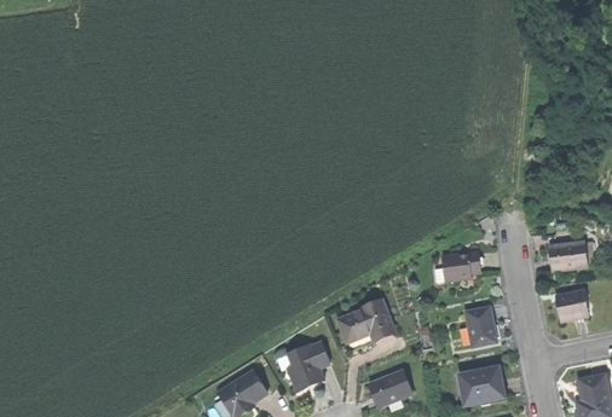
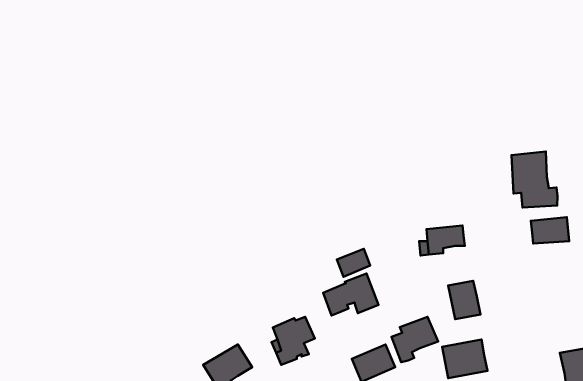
building: none -> [511,152,558,207]
building: none -> [337,249,370,277]
building: [554,290,585,320] -> none
building: none -> [392,317,438,362]

